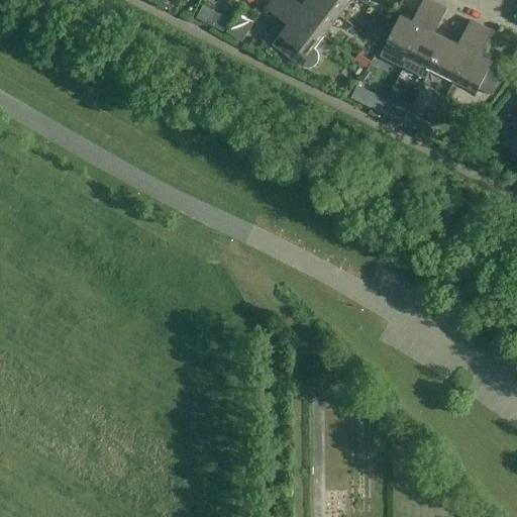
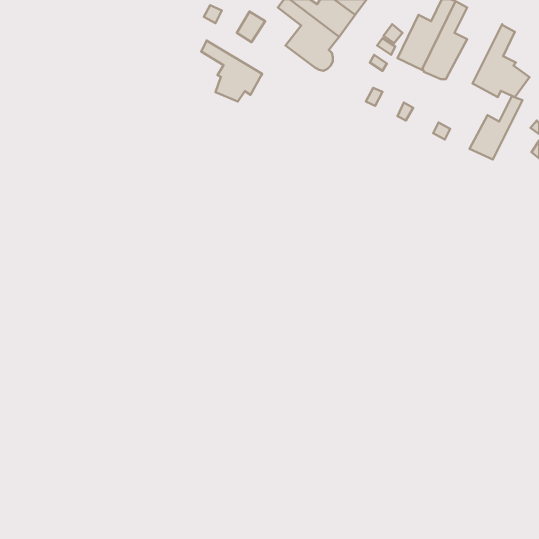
building: [429,19,480,80] -> [470,96,522,159]
building: none -> [201,41,262,102]

